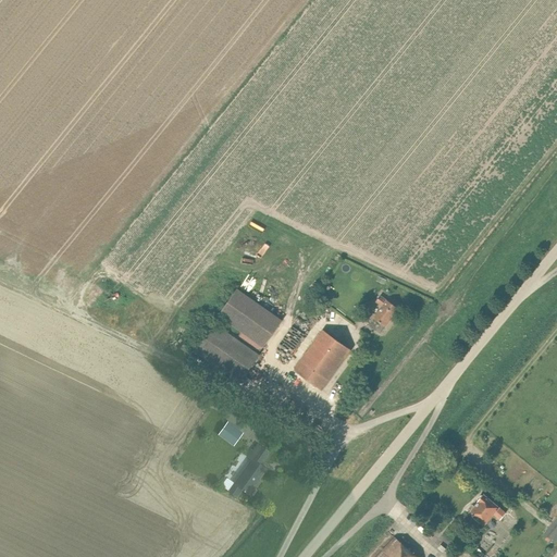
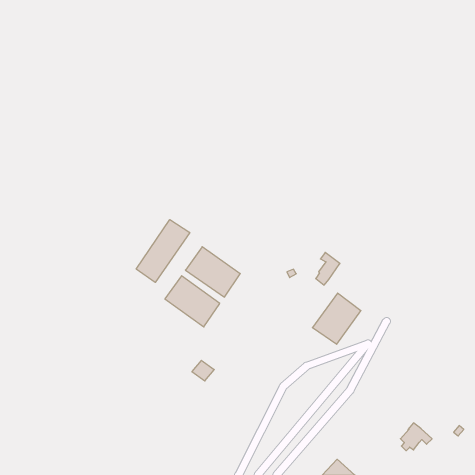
building: none -> [136,220,190,282]
building: [293,330,349,389] -> [312,293,361,344]
building: [227,443,269,497] -> none

